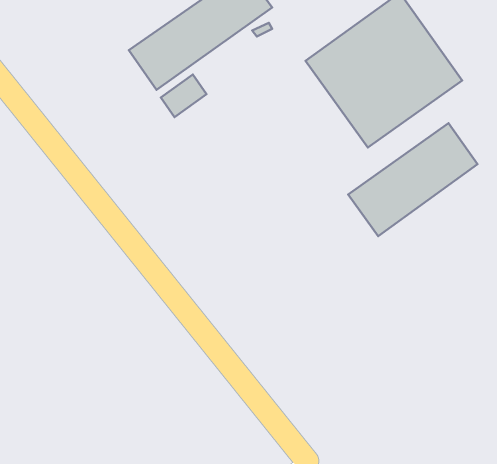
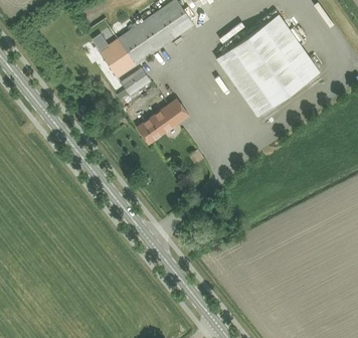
building: none -> [137,100,188,145]
building: [348,123,477,236] -> none

